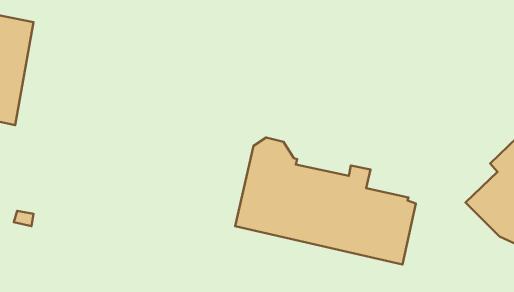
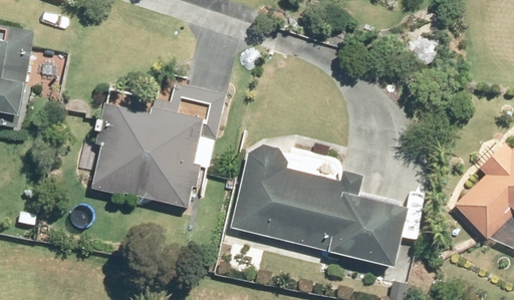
building: none -> [91,85,225,208]

